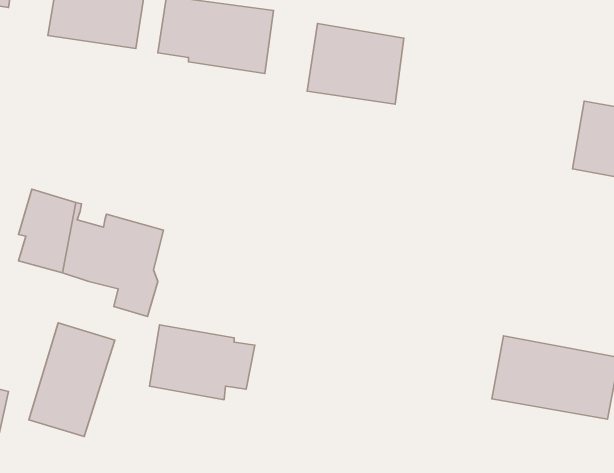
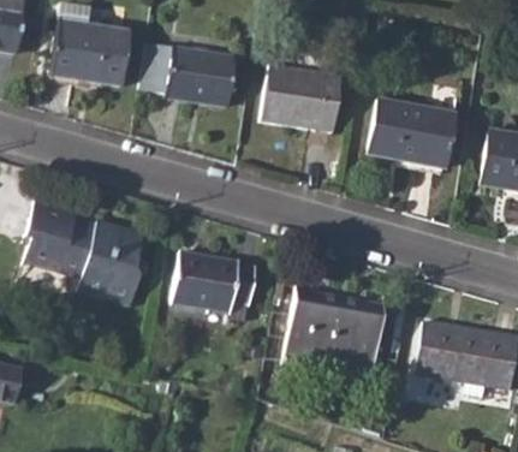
building: none -> [368,100,453,168]
building: none -> [286,290,385,367]
building: [29,323,115,437] -> none
building: [149,325,255,399] -> [171,251,257,313]

